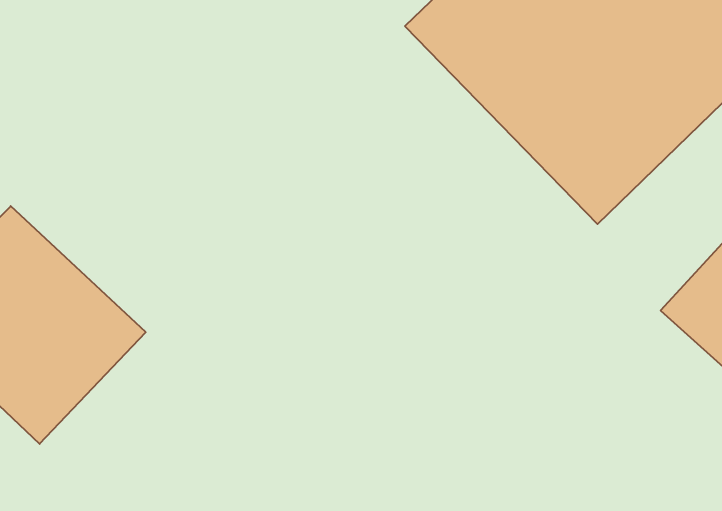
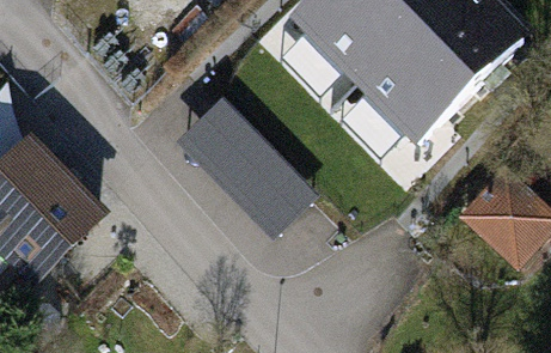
building: none -> [177,97,318,238]

